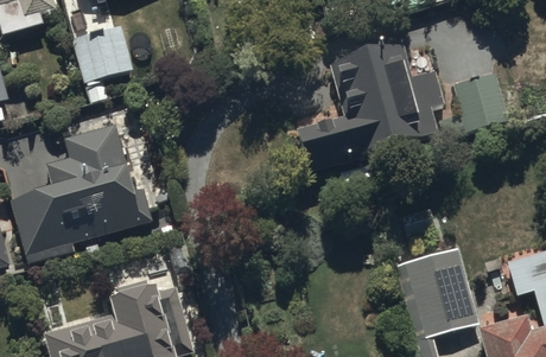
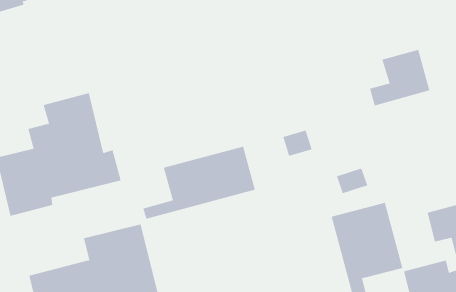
building: [71,25,132,101] -> none
building: [296,45,444,170] -> none
building: none -> [142,146,255,219]

